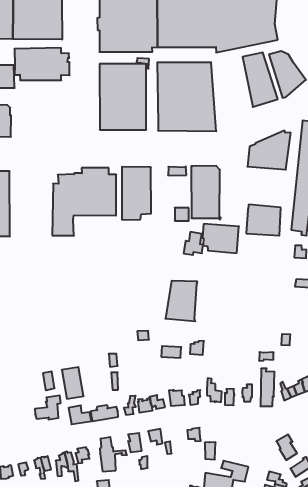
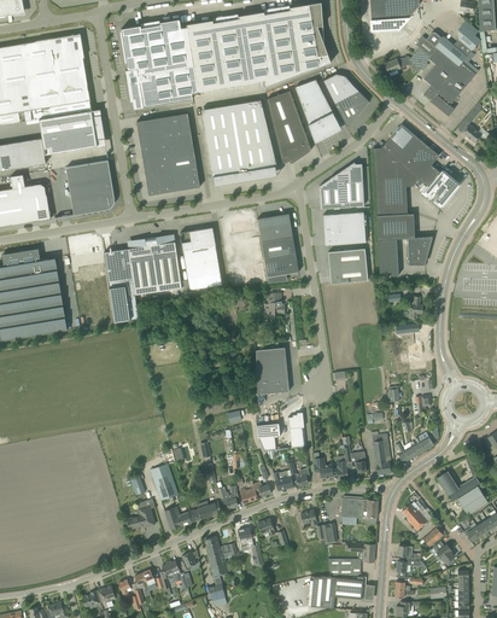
building: none -> [267,91,311,163]
building: none -> [66,159,115,215]
building: [202,224,239,253] -> [323,211,366,244]
building: none -> [340,497,378,518]

